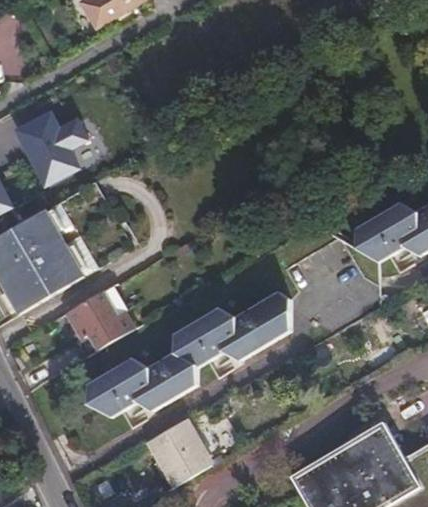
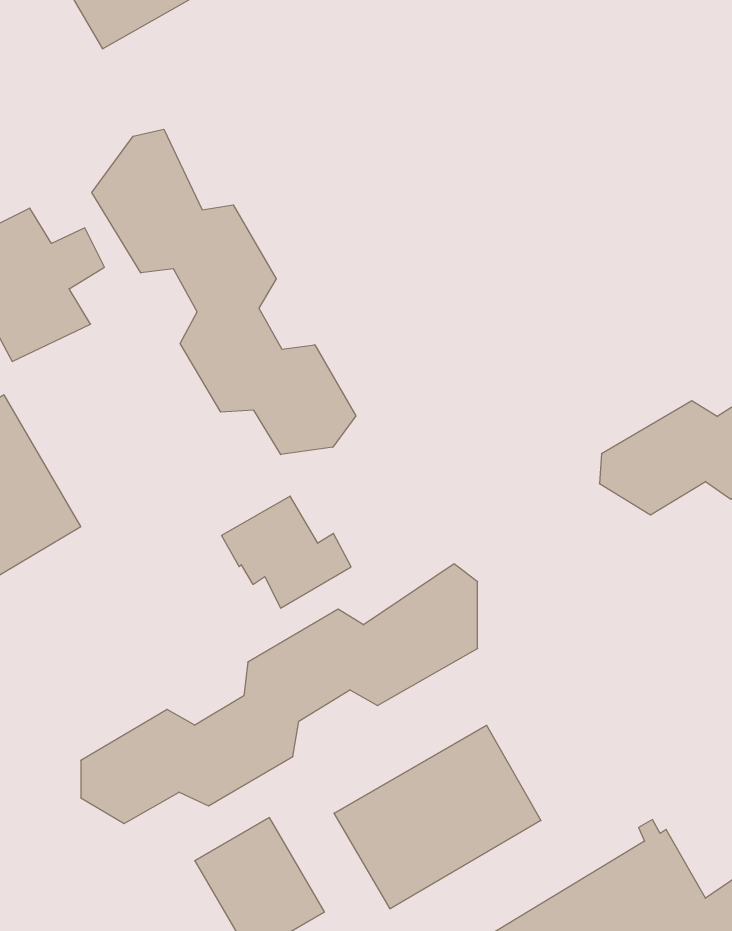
building: none -> [92,129,356,455]
building: [66,288,132,345] -> [222,496,351,608]
building: none -> [334,725,541,909]

